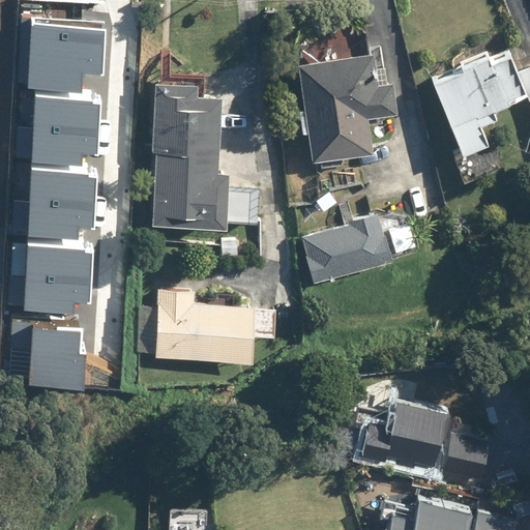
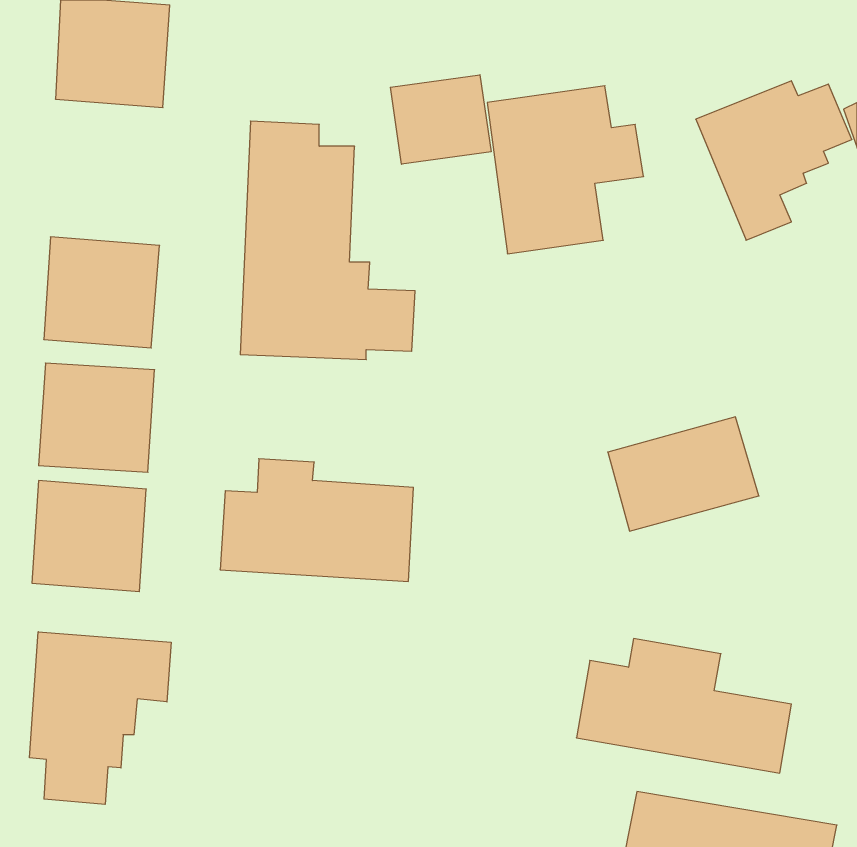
building: none -> [390,75,491,164]
building: [31,78,101,145] -> none
building: [299,215,392,286] -> [608,417,759,531]
building: none -> [30,632,171,804]

